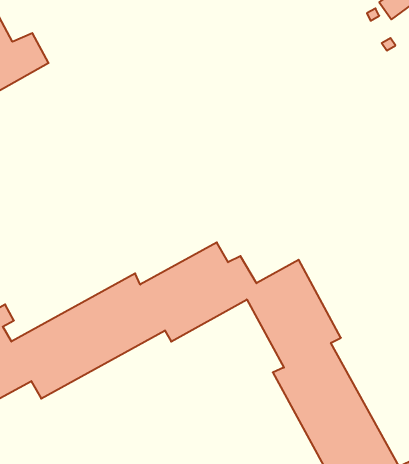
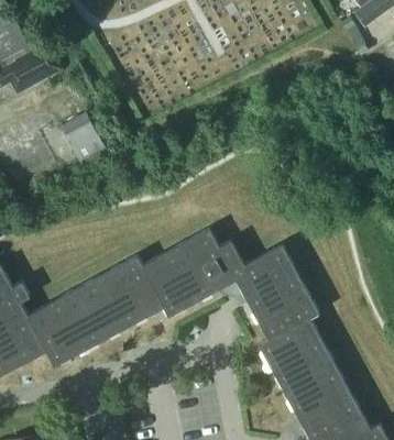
building: none -> [61,112,105,164]

